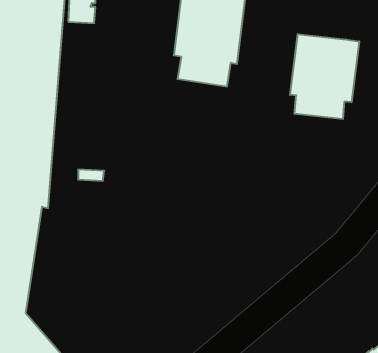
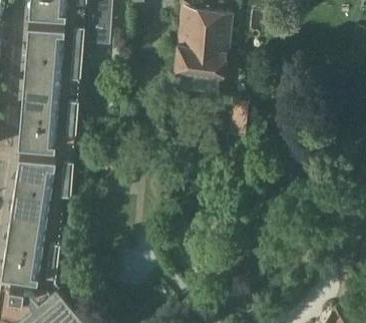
building: [290,34,359,119] -> none

